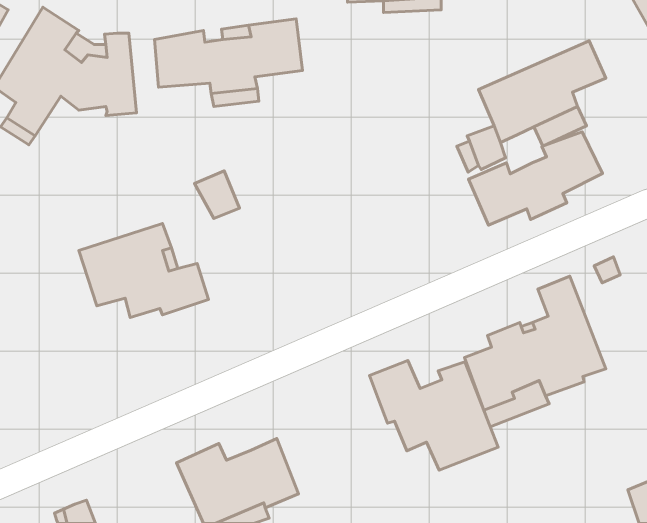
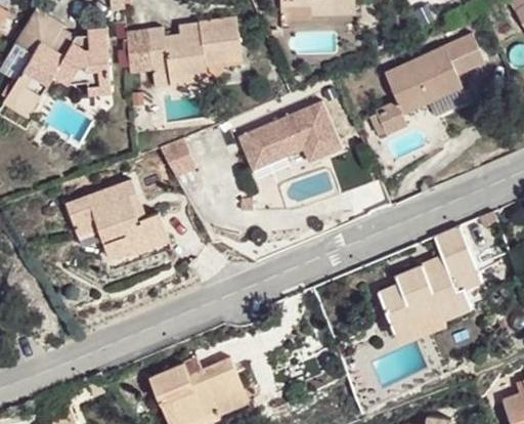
building: none -> [238,100,343,170]
building: [468,132,602,225] -> none
building: [369,361,498,470] -> none

